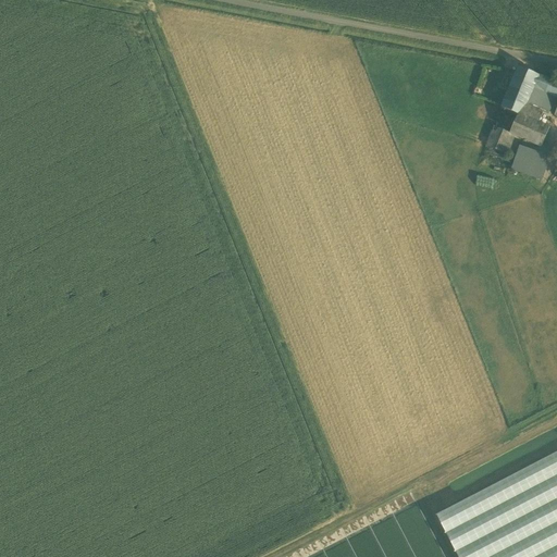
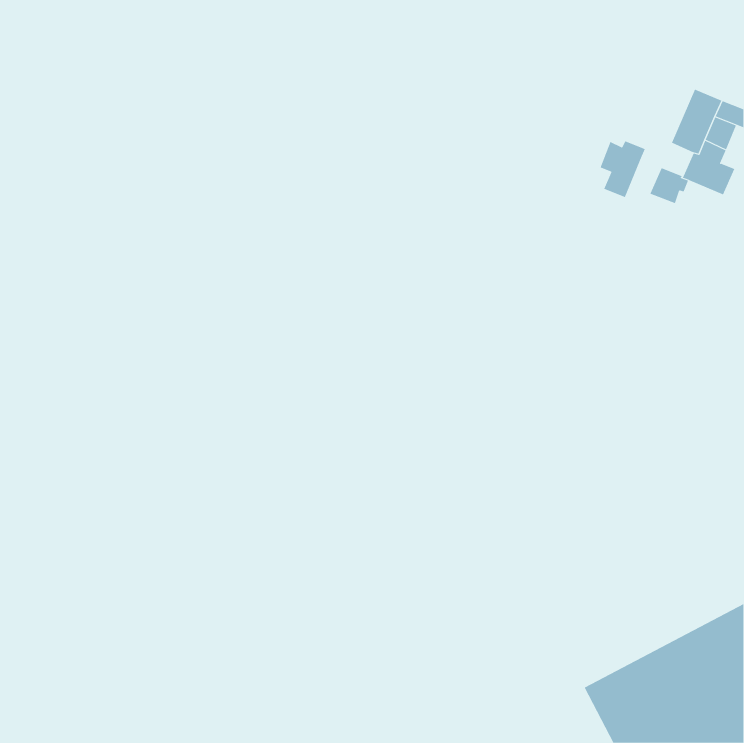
building: none -> [600,141,646,198]
building: [510,145,550,181] -> none

